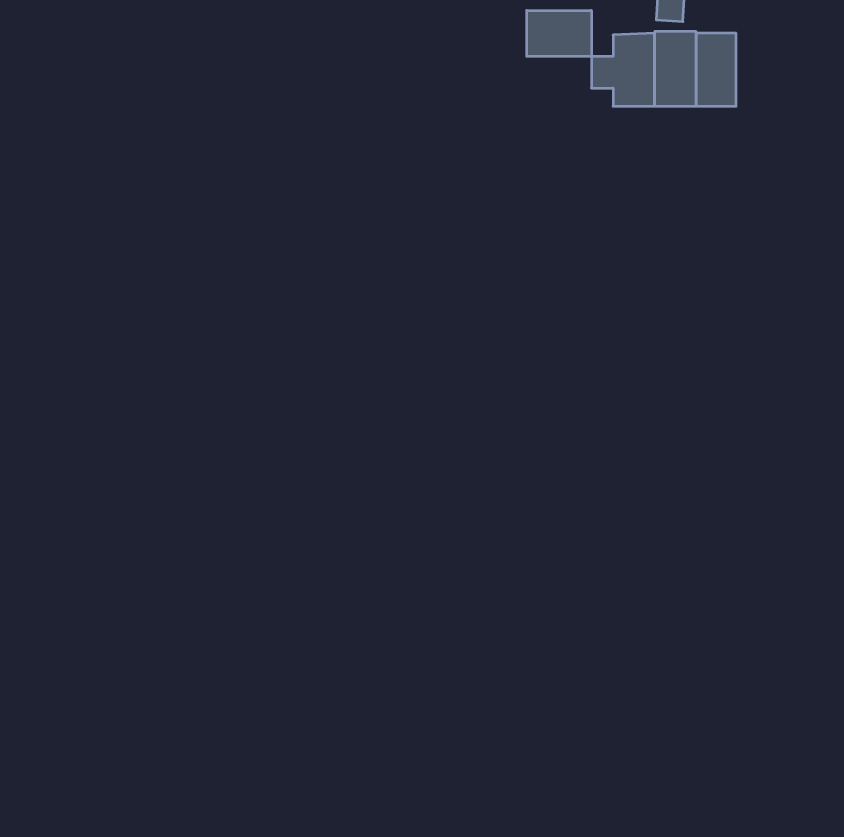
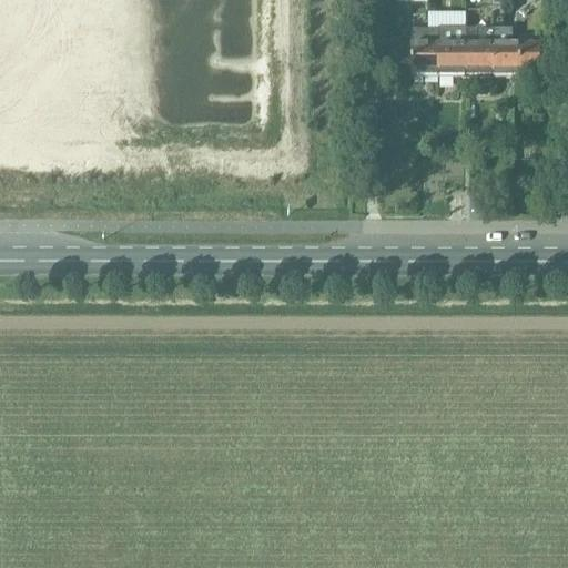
building: [527,10,591,56] -> none
building: none -> [495,22,540,71]

